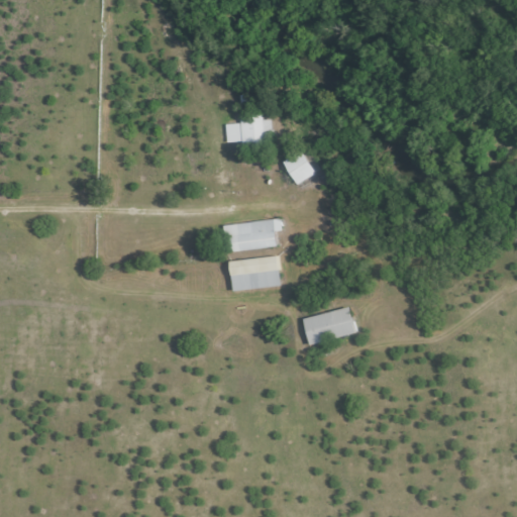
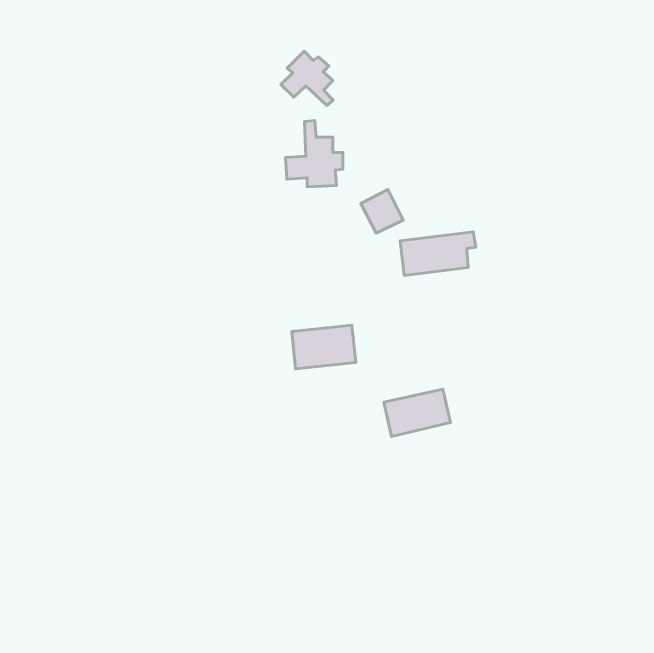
building: none -> [281,51,333,105]
building: [223,218,283,252] -> [400,232,476,275]

